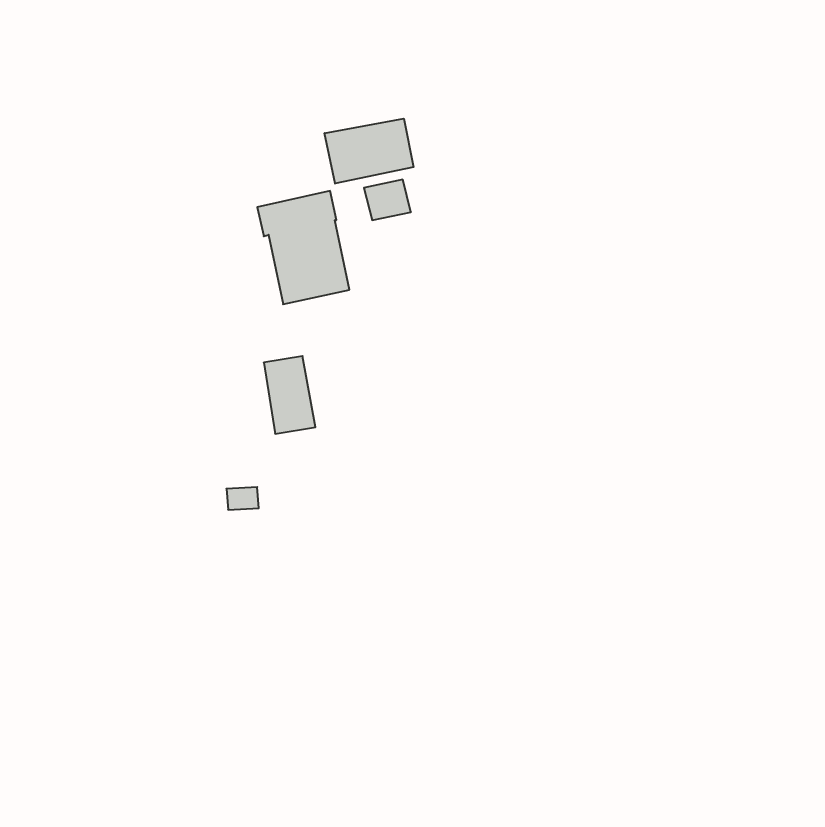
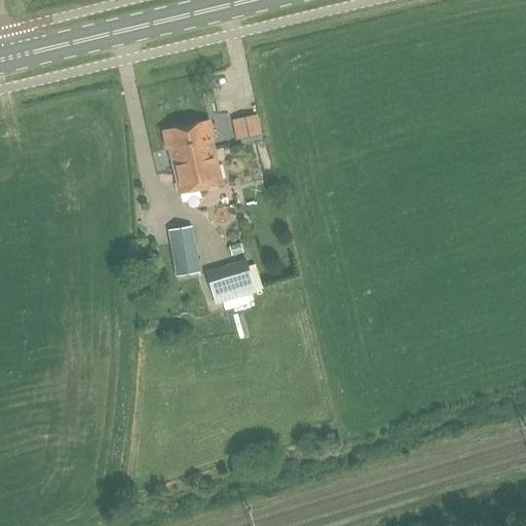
building: [325,119,414,184] -> none
building: none -> [204,259,257,306]

